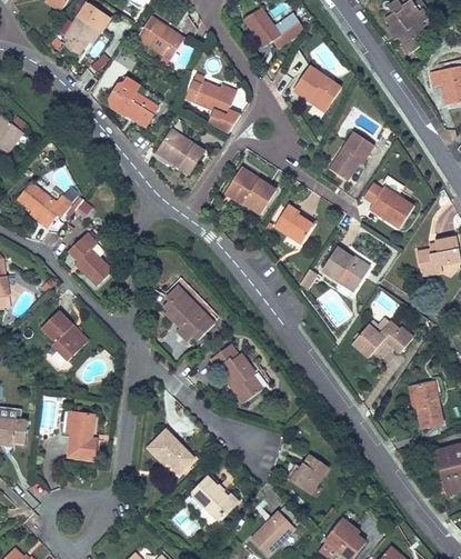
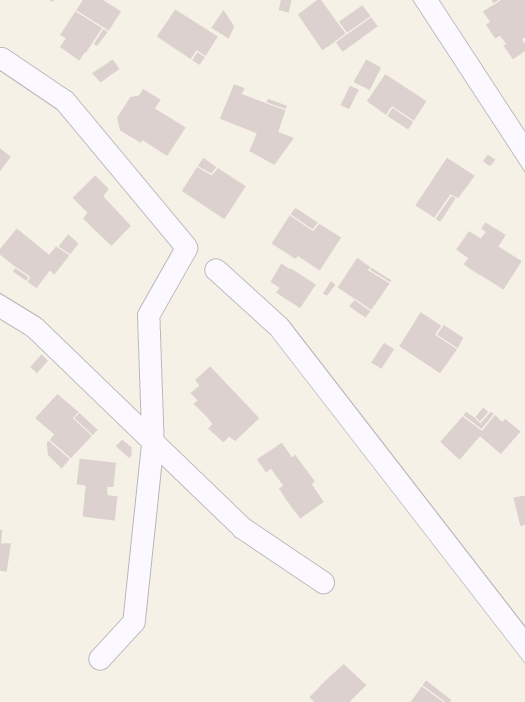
building: none -> [270,263,317,309]
building: [69,233,114,288] -> [72,174,132,246]
building: [63,412,96,460] -> [76,458,118,521]
building: [147,429,194,473] -> none
building: [291,456,329,495] -> none
building: [191,477,239,521] -> none

